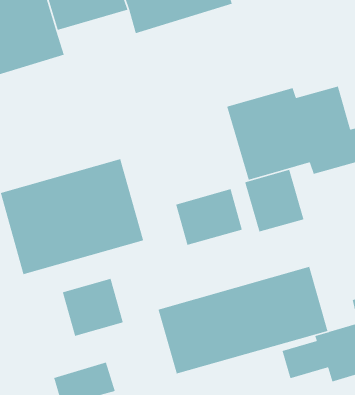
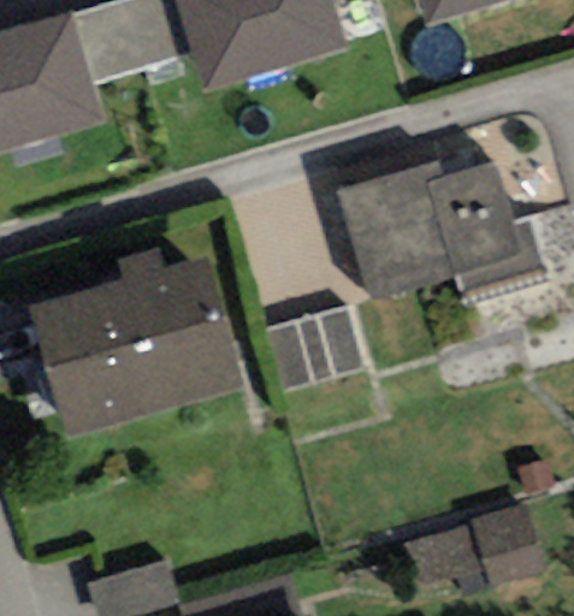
building: [244,169,305,233] -> none
building: [158,266,328,375] -> none
building: [62,278,124,337] -> none

